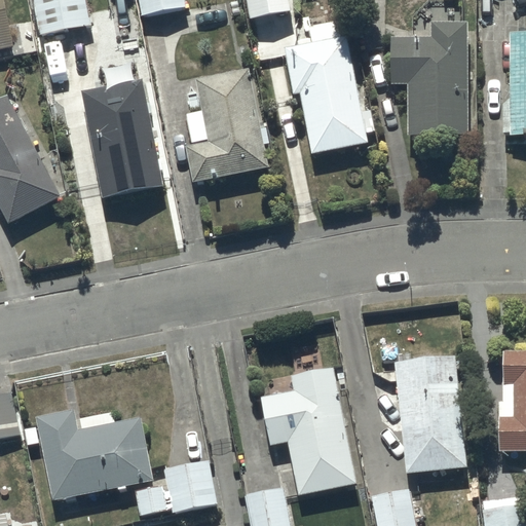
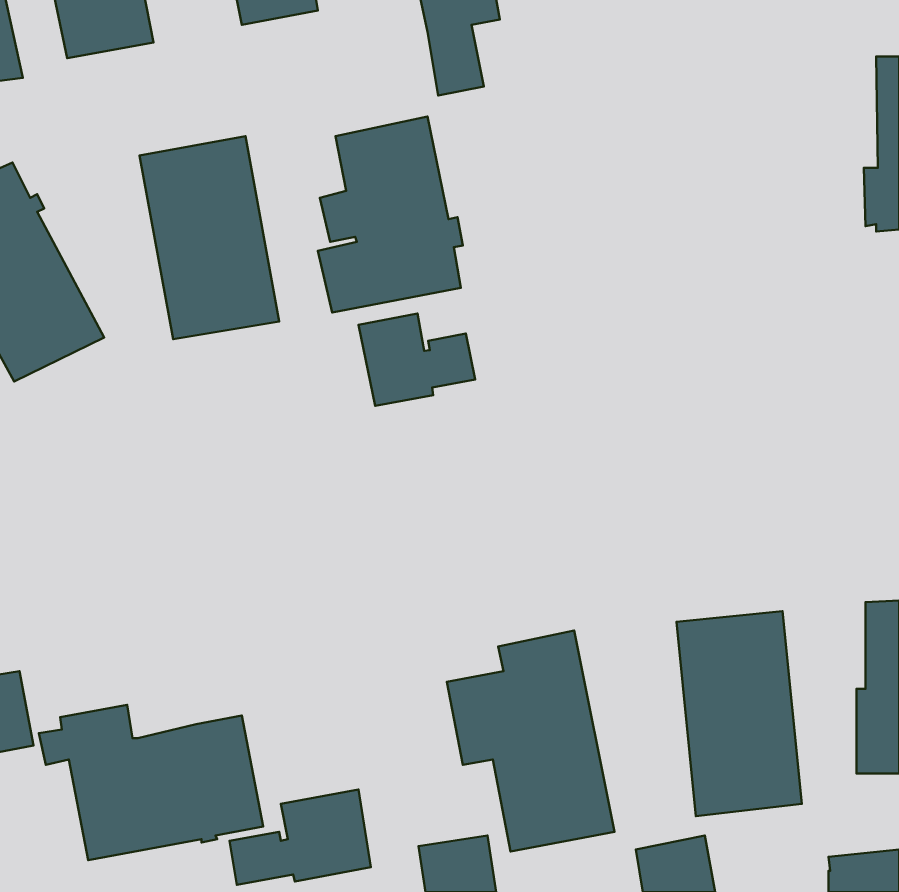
building: [284,21,368,153] -> none
building: [390,22,467,136] -> none
building: none -> [358,314,475,406]

